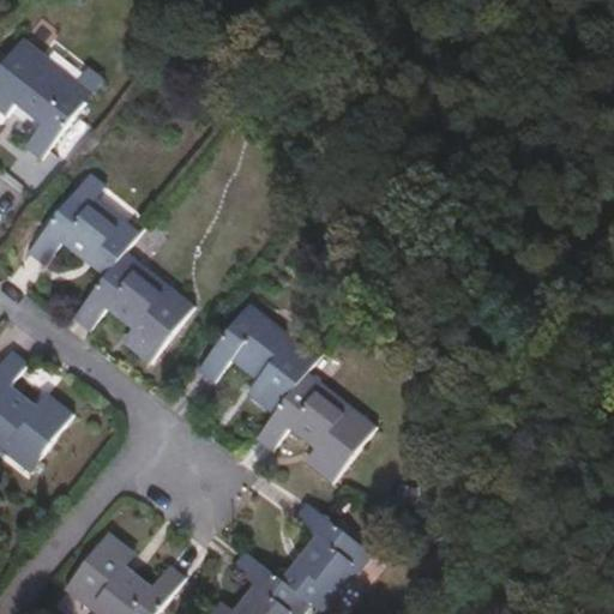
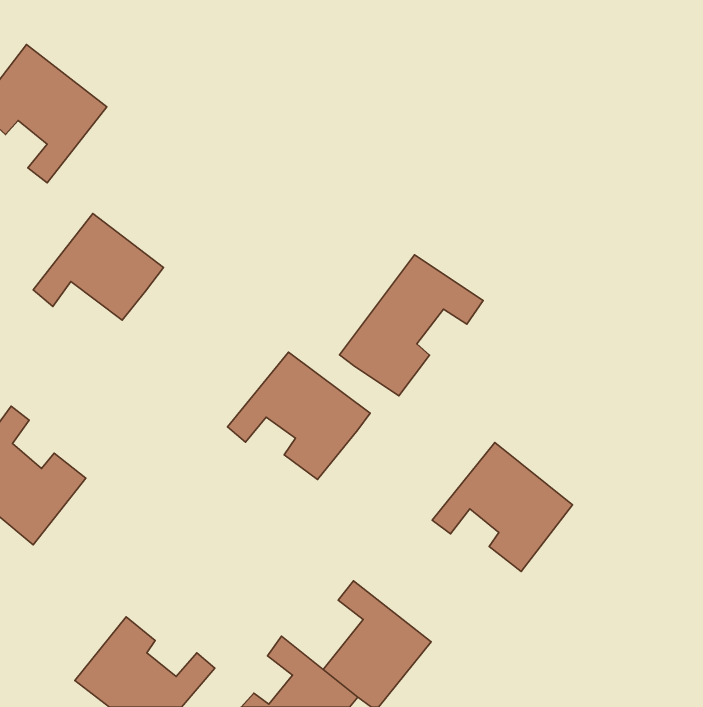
building: none -> [339,255,483,396]
building: [73,252,194,362] -> none
building: [255,372,377,483] -> [432,442,572,571]

